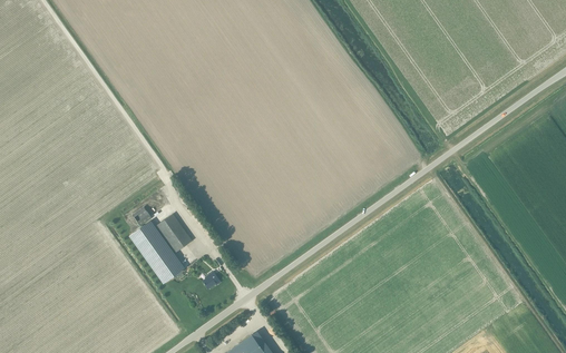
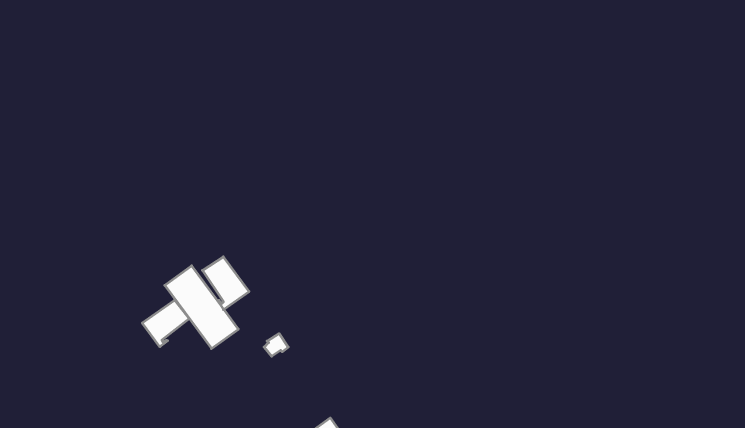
building: none -> [142,300,189,347]

